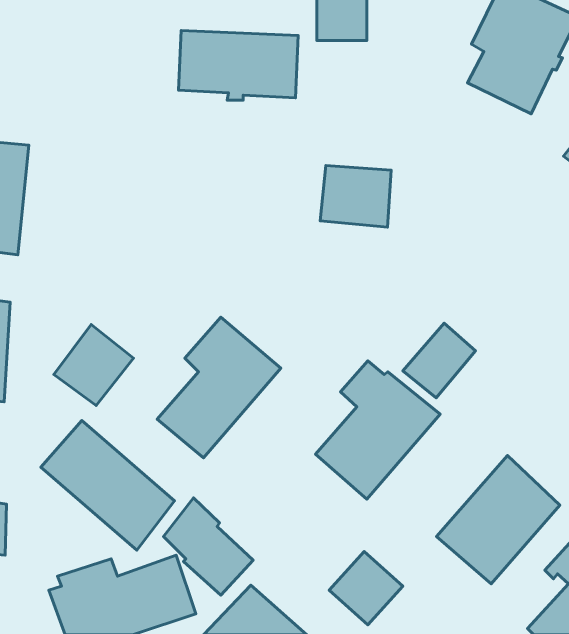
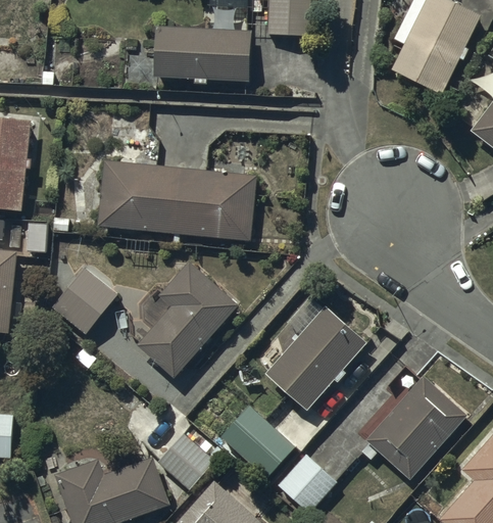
building: [320,166,391,227] -> none
building: none -> [97,160,258,241]
building: [403,323,475,398] -> none
building: [41,421,175,550] -> none
building: none -> [220,405,295,477]

